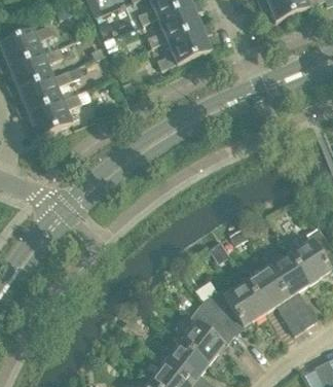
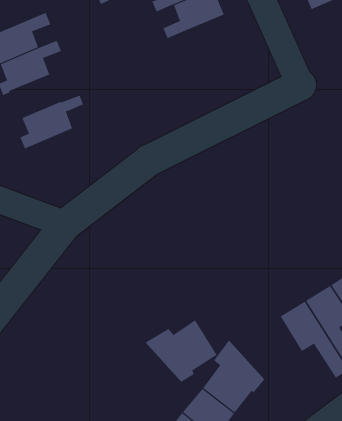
building: [156,22,211,68] -> none
building: [16,65,81,116] -> none
building: [204,281,265,335] -> [145,320,217,383]

